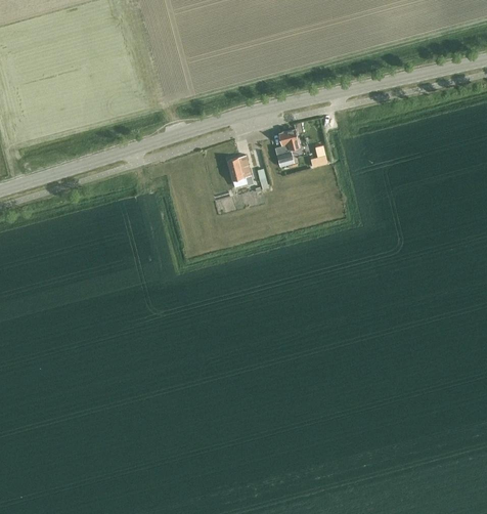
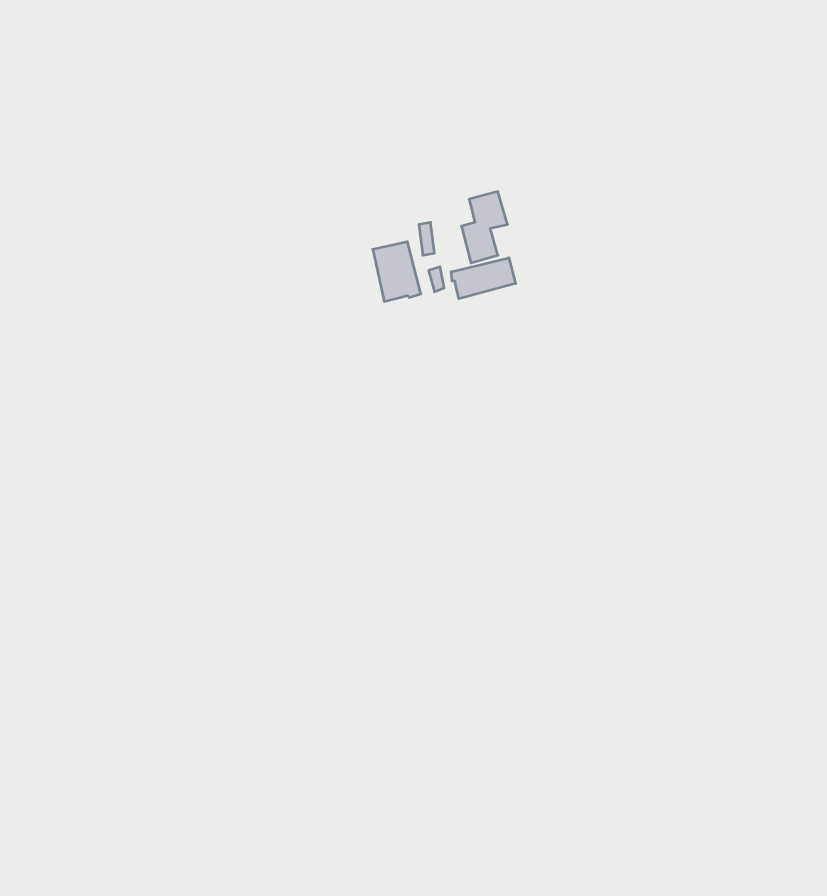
building: none -> [451,258,516,299]

